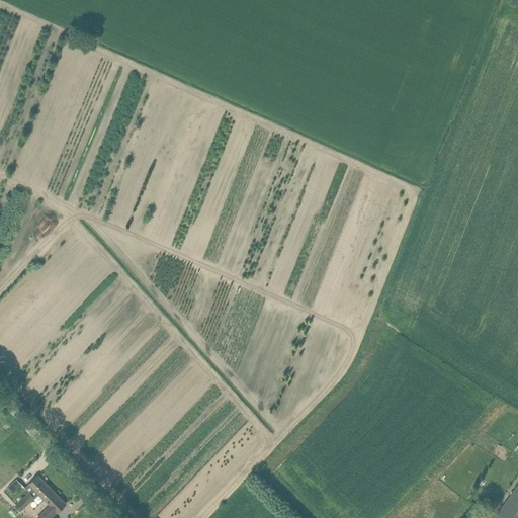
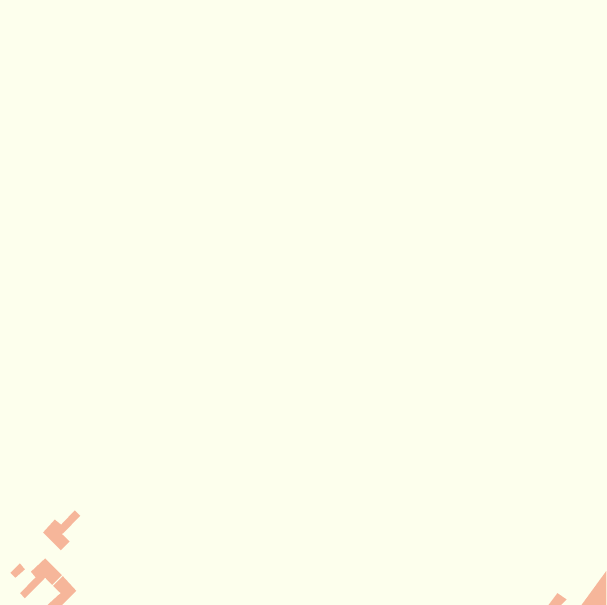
building: none -> [42,510,81,551]

